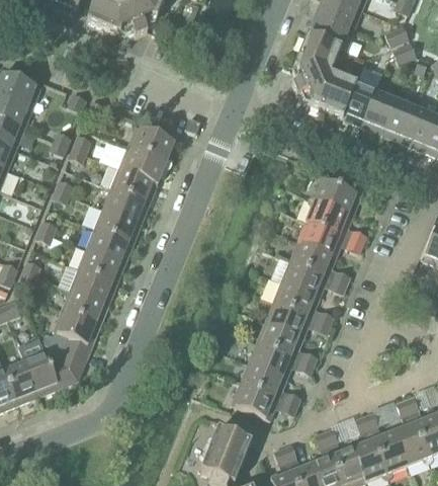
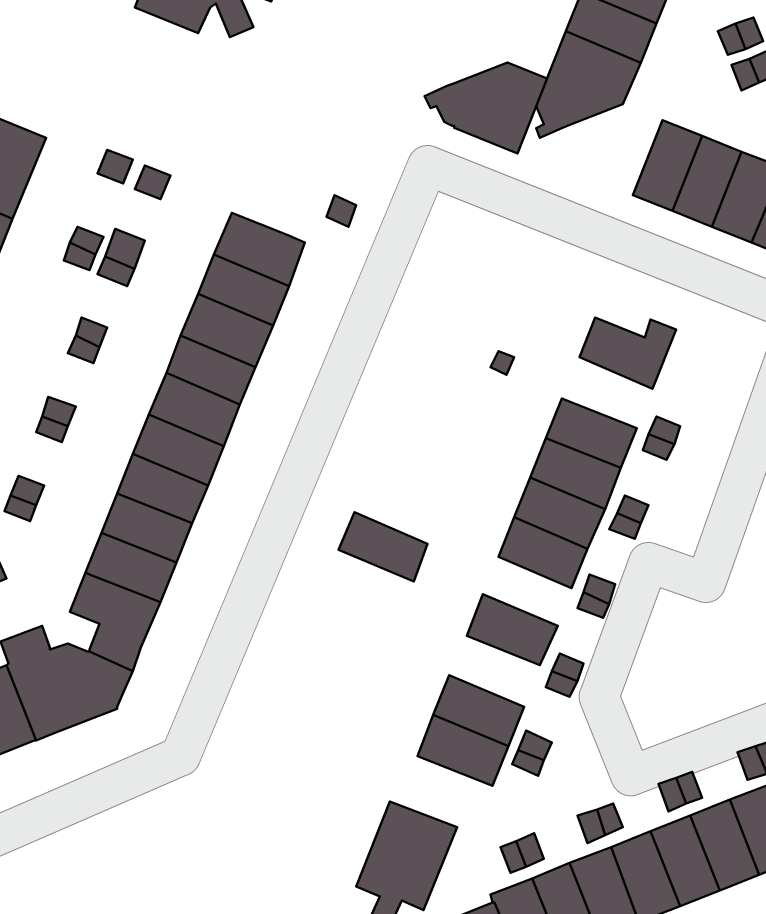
building: [294,70,357,116] -> [425,63,547,153]
building: [305,199,352,236] -> none
building: [265,302,311,337] -> [339,512,428,581]
building: [248,342,294,379] -> none

